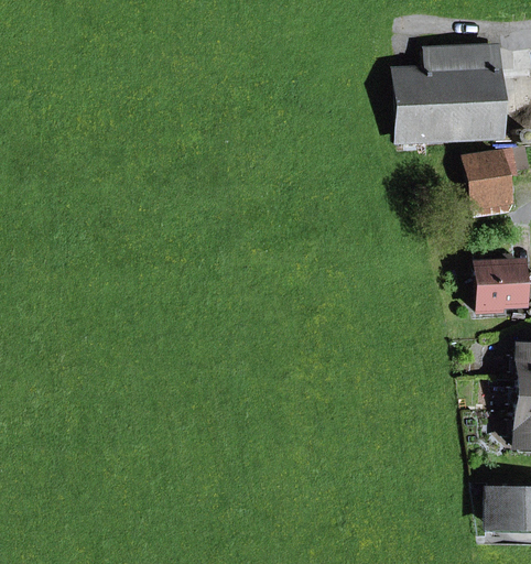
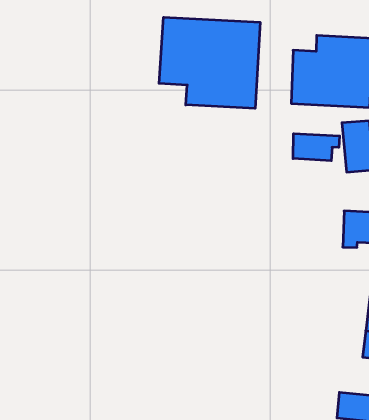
building: none -> [159,17,260,108]
building: none -> [293,134,340,161]

